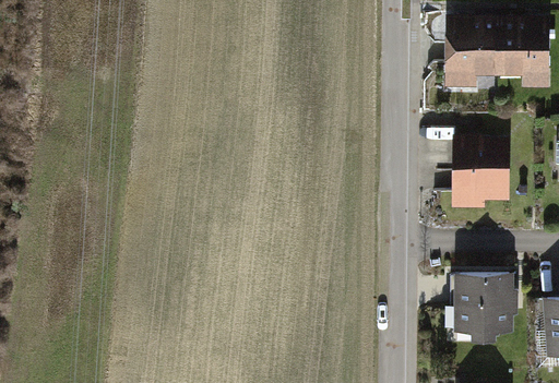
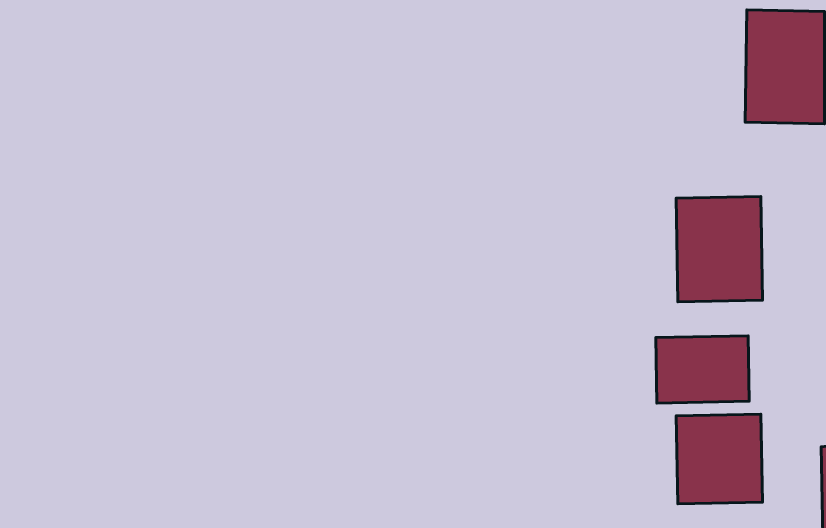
building: [448,16,499,87] -> none
building: none -> [656,336,749,403]

